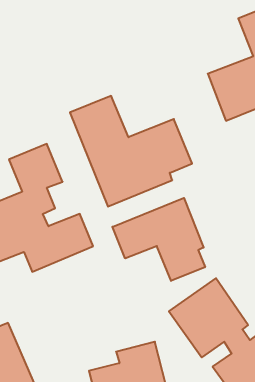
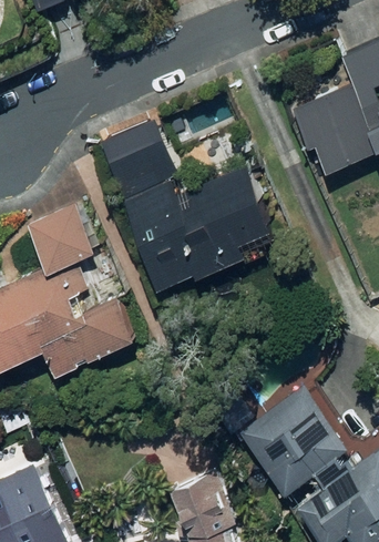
building: [112,198,205,281] -> none

